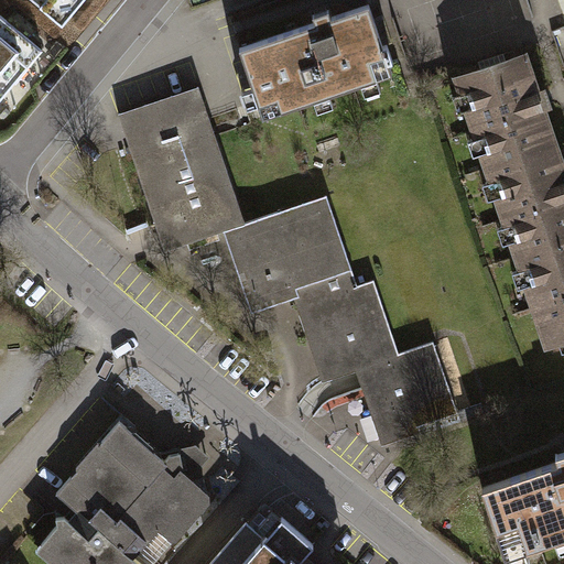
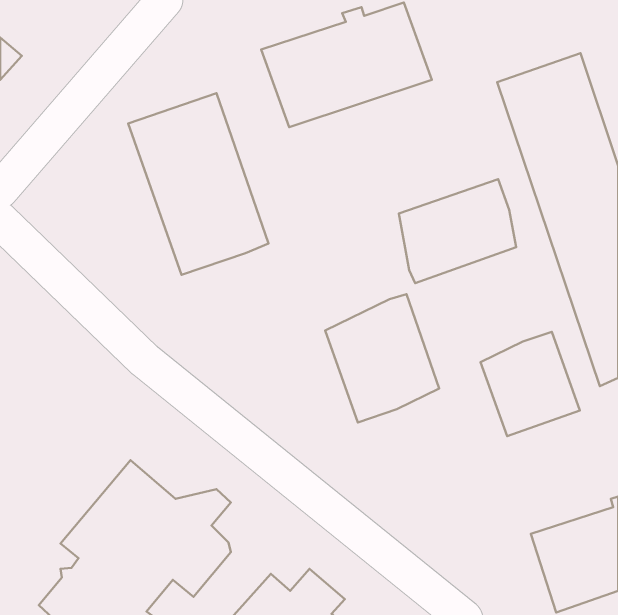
building: none -> [399,179,516,283]
building: [224,196,355,318] -> none
building: [361,348,452,443] -> [481,332,580,436]

